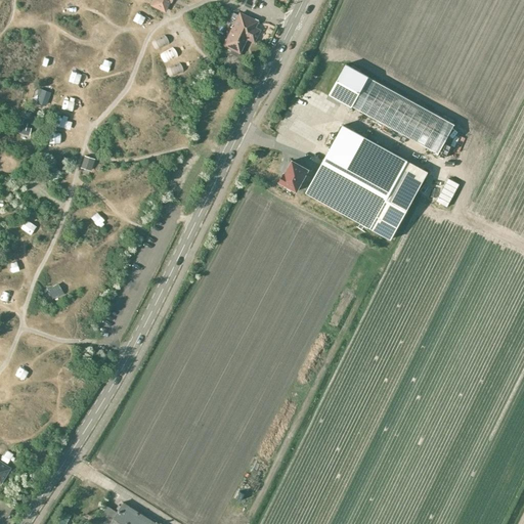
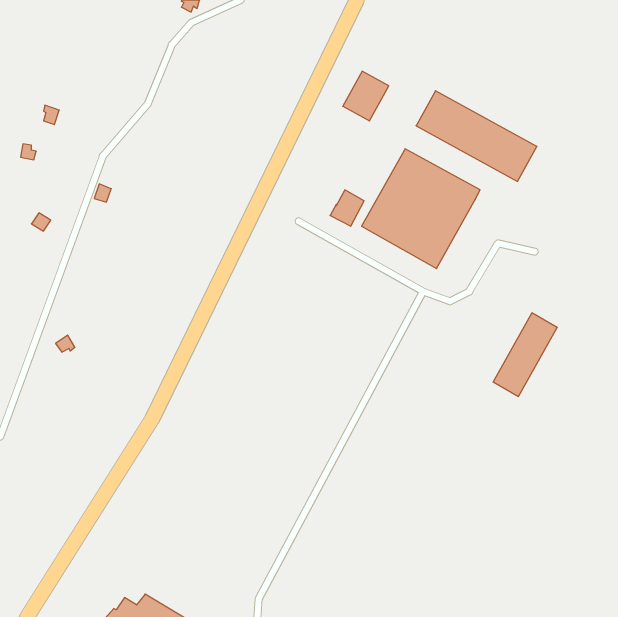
building: [223,14,257,53] -> none
building: [330,66,368,107] -> [343,71,389,121]
building: [369,170,424,241] -> [493,313,557,396]

